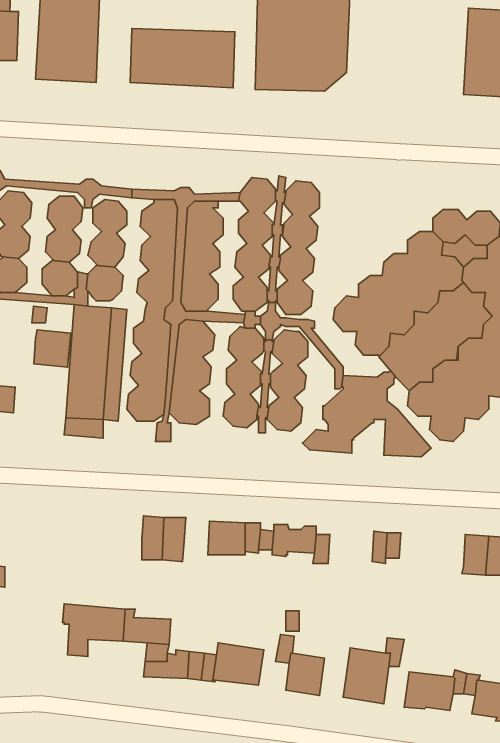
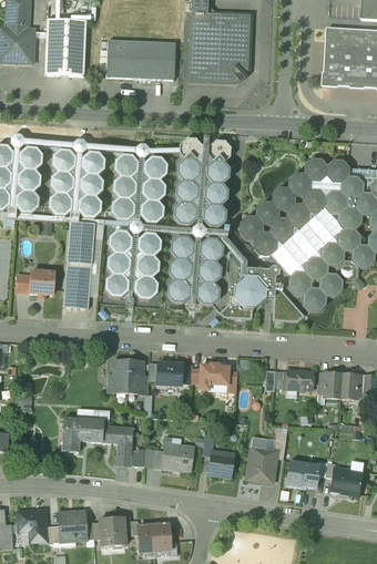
building: [34,330,71,367] -> [29,269,53,294]
building: none -> [285,370,312,389]

